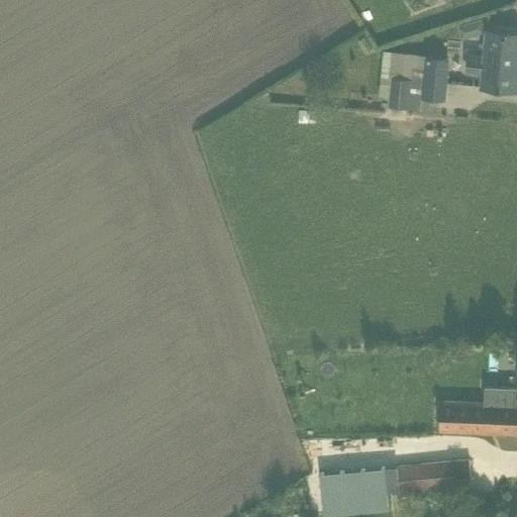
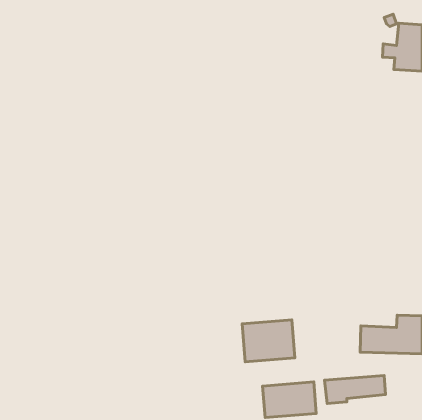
building: [380,51,447,110] -> none
building: none -> [242,320,295,362]

